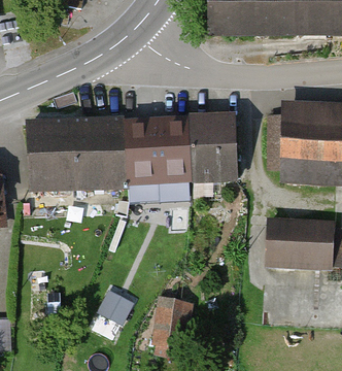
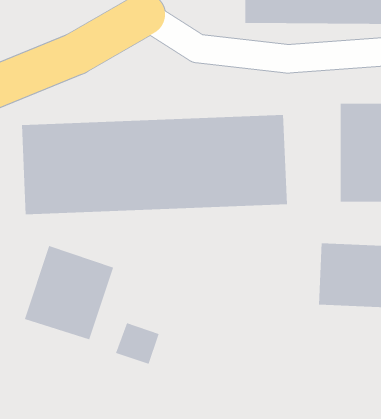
building: none -> [24,245,114,340]
building: [151,294,194,355] -> none

